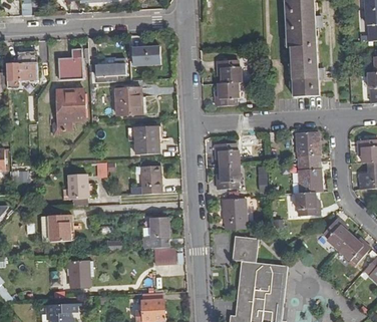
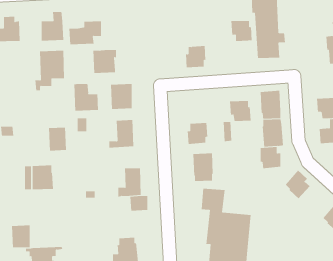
building: [132,44,164,65] -> none
building: [217,61,241,84] -> [230,20,253,42]
building: none -> [74,83,98,111]
building: [215,144,239,168] -> [229,100,251,122]
building: [338,236,370,264] -> none
building: [67,261,88,286] -> [11,225,31,248]

